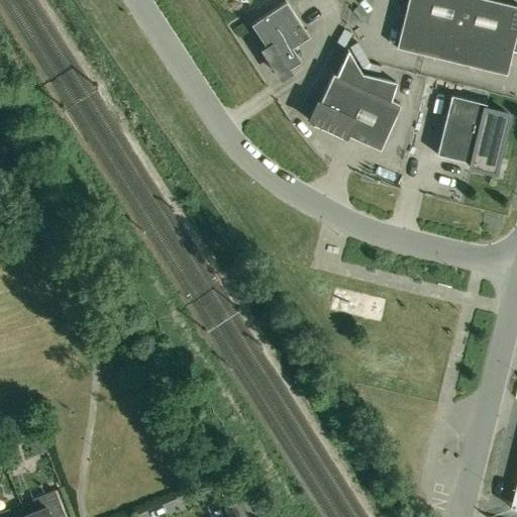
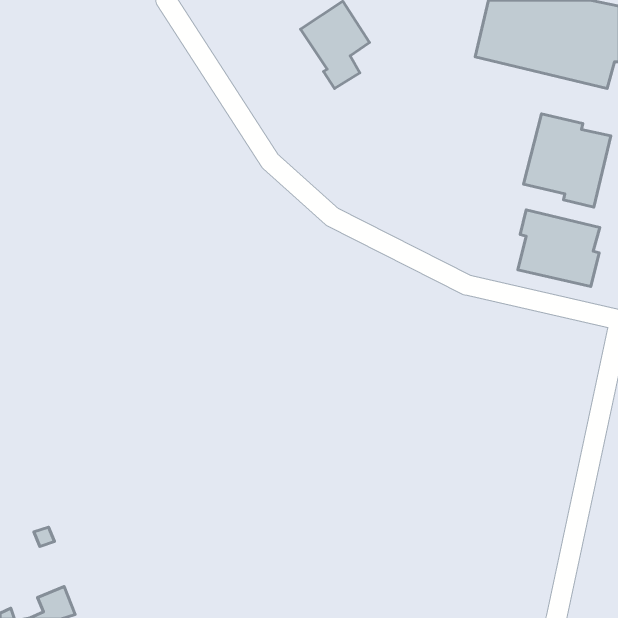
building: [310,50,402,150] -> none
building: none -> [518,210,600,286]

